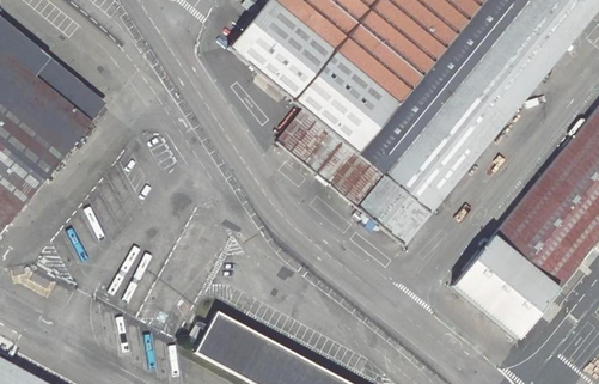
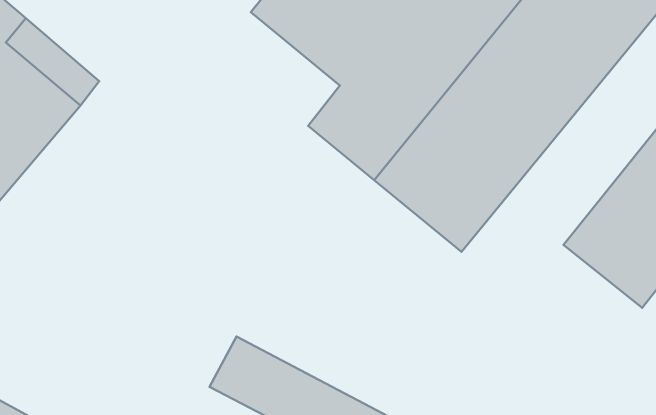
building: [454,238,555,335] -> none

